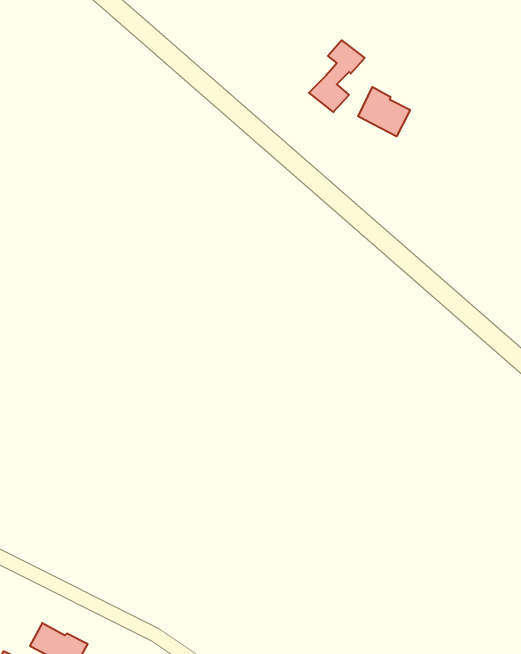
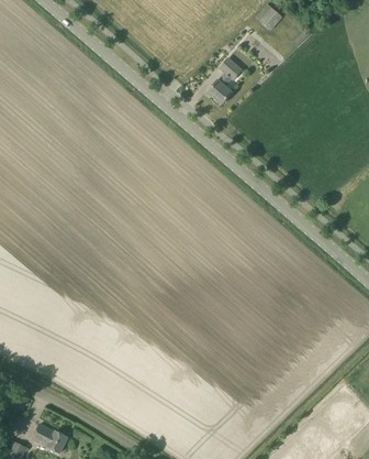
building: [358,87,410,136] -> none

